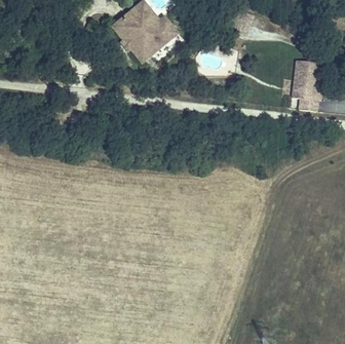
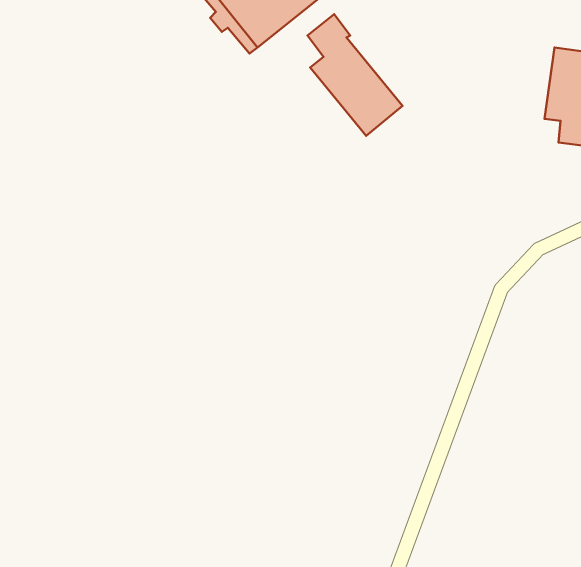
building: none -> [307,14,403,136]

